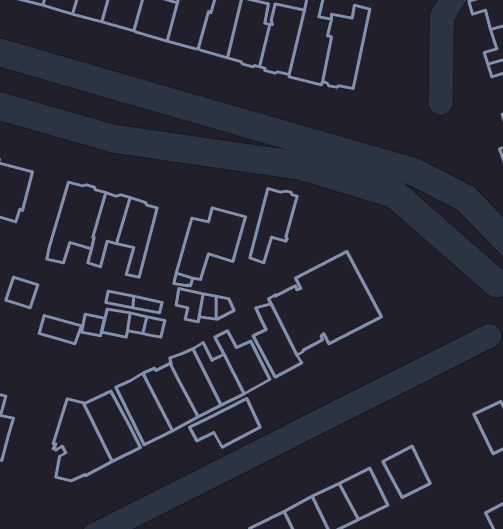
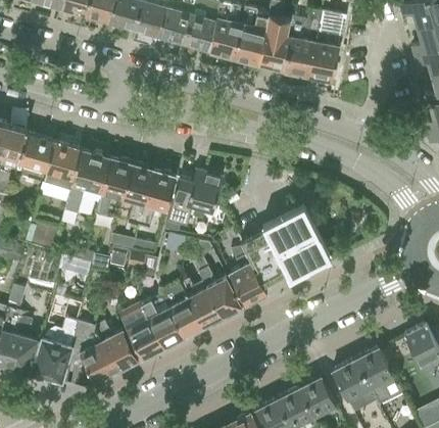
building: none -> [307,11,345,80]
building: none -> [44,141,81,190]
building: [250,188,297,263] -> [137,170,175,229]
building: none -> [32,318,80,383]
building: [190,399,260,447] -> none
building: none -> [354,347,401,406]

